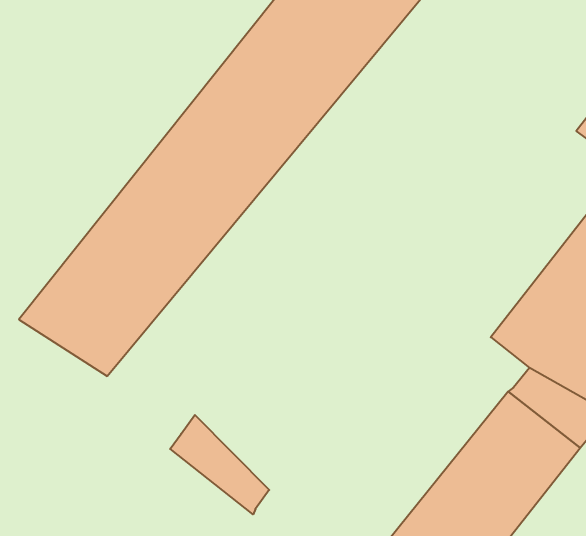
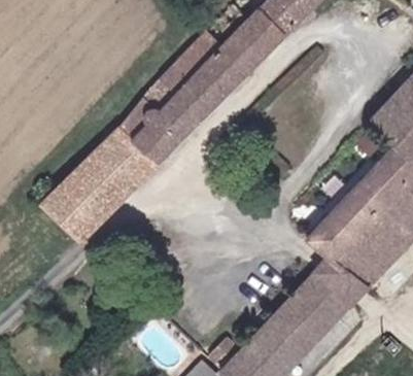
building: [170,415,269,514] -> none

